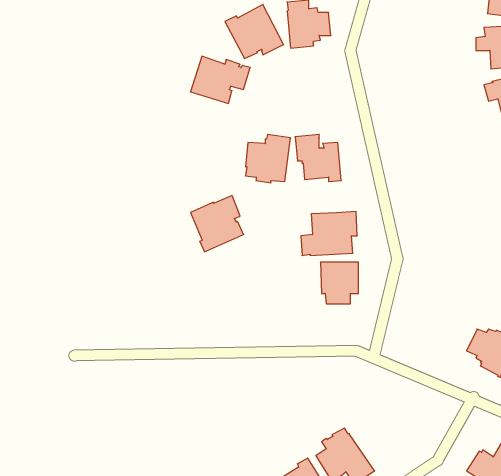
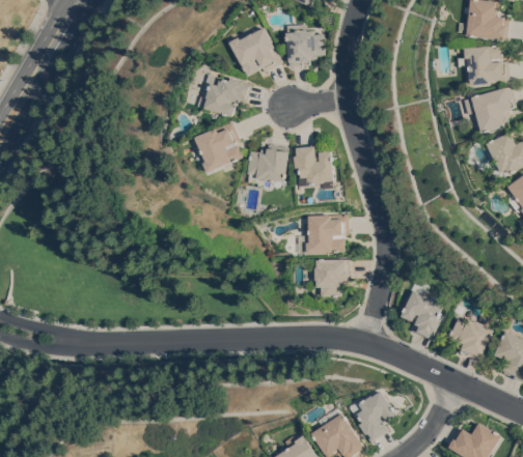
building: [191,195,244,252] -> [195,121,243,172]
building: none -> [401,279,439,340]
building: none -> [349,392,397,442]

